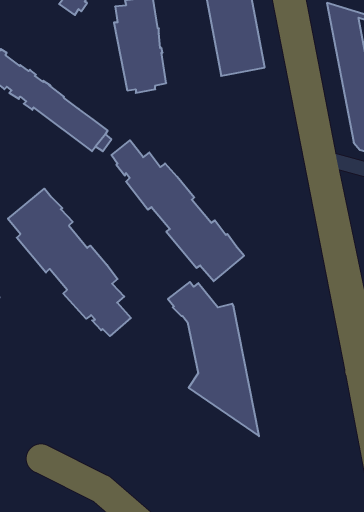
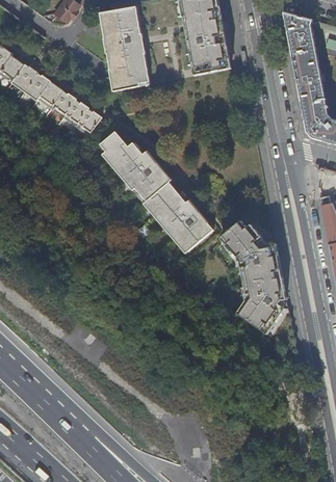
building: [8,189,131,336] -> none
building: [168,282,259,436] -> [218,221,296,353]

